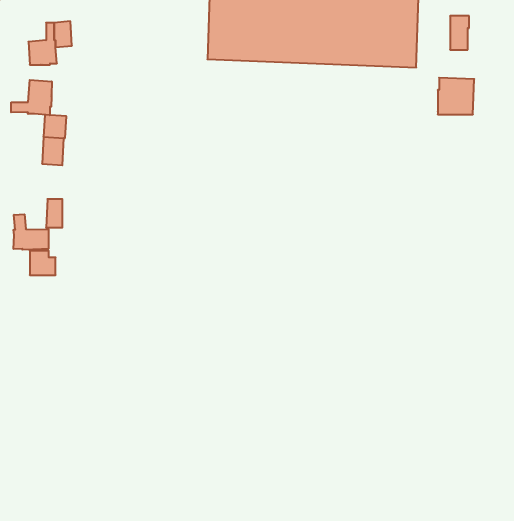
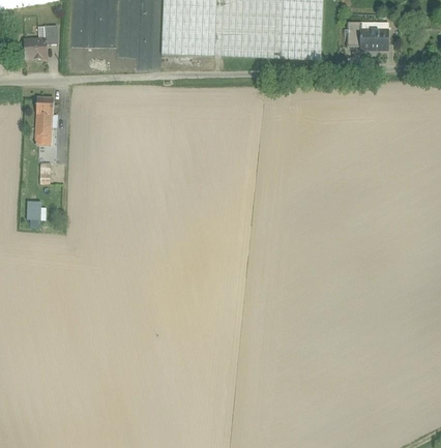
building: [438,78,474,114] -> [359,21,387,49]
building: [11,80,52,115] -> none
building: [14,214,49,250] -> none

